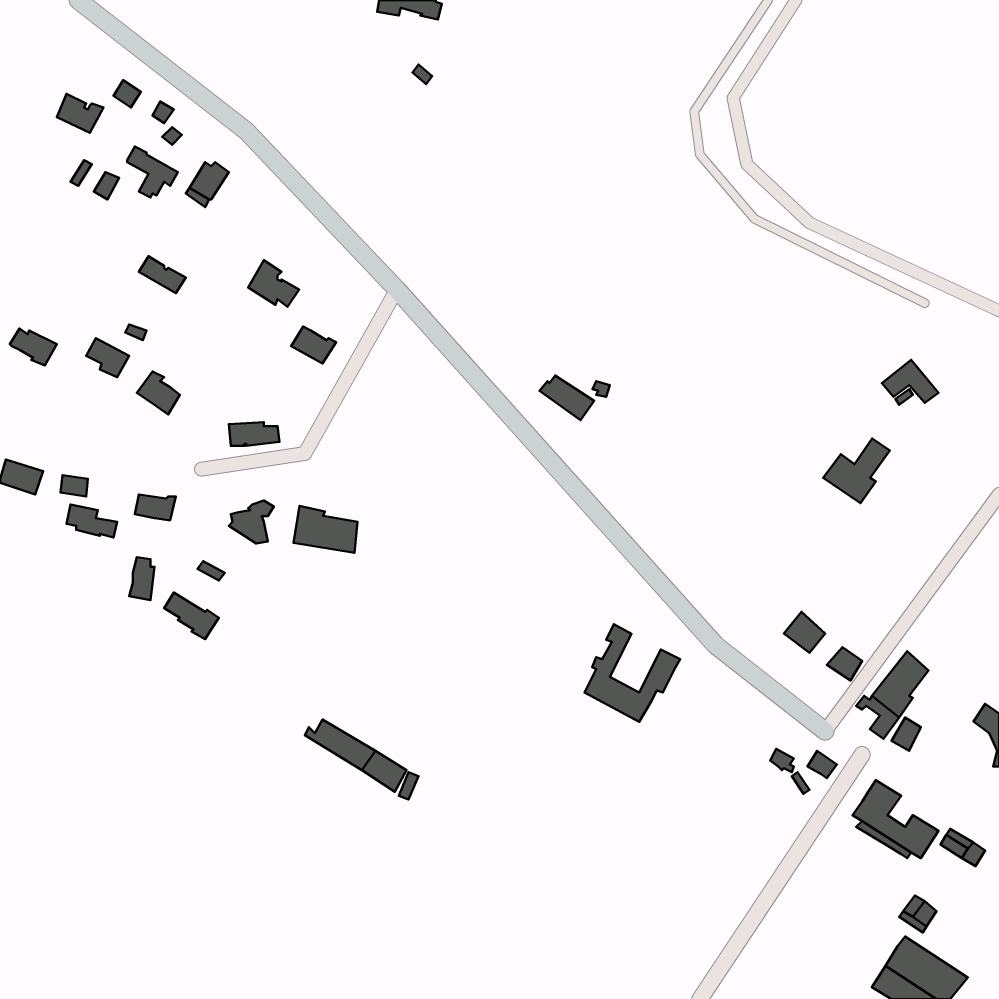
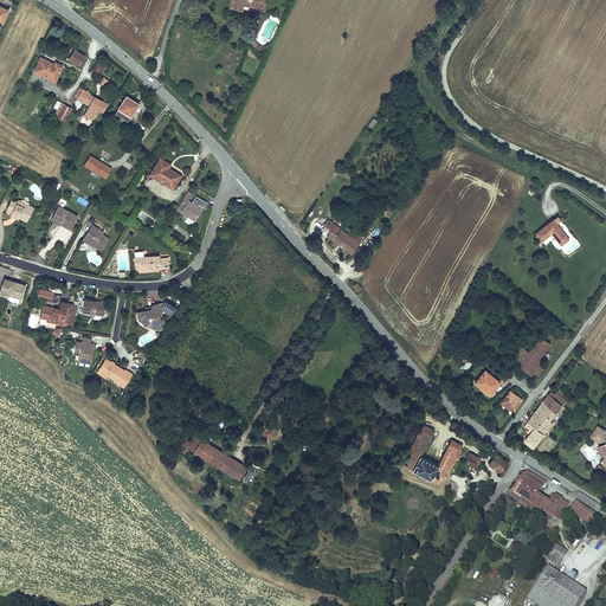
building: [823,439,890,503] -> [510,337,550,376]
building: [293,506,357,553] -> none
building: [585,624,680,722] -> [405,425,463,484]

